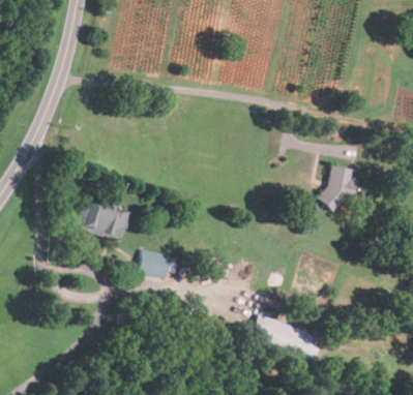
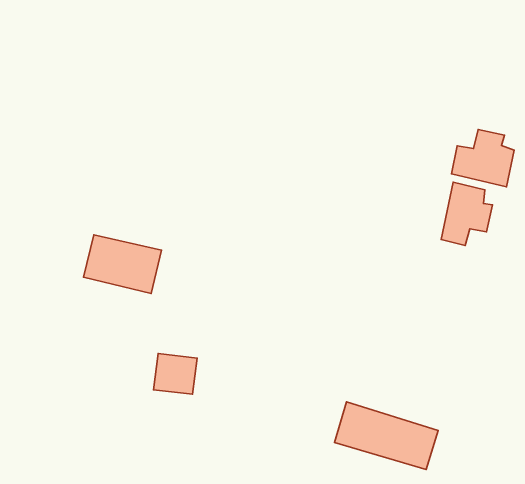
building: none -> [451,129,514,187]
building: [140,249,170,277] -> [154,354,197,394]

